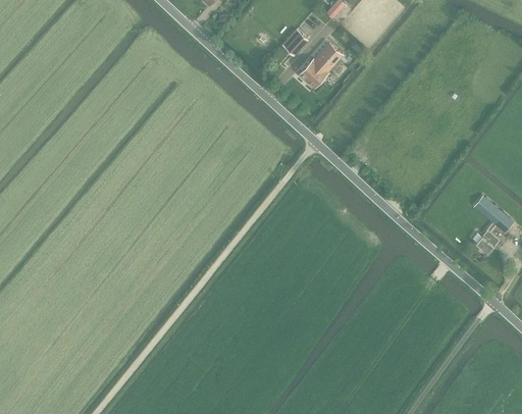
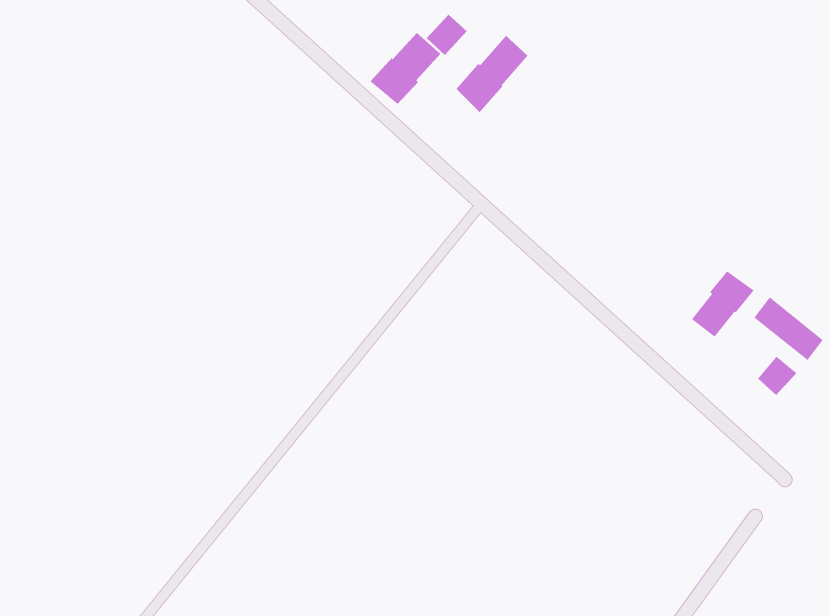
building: none -> [369,32,441,105]
building: none -> [691,271,754,338]

